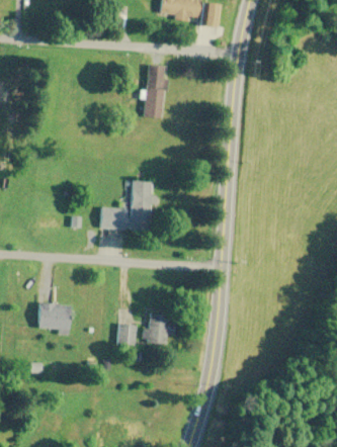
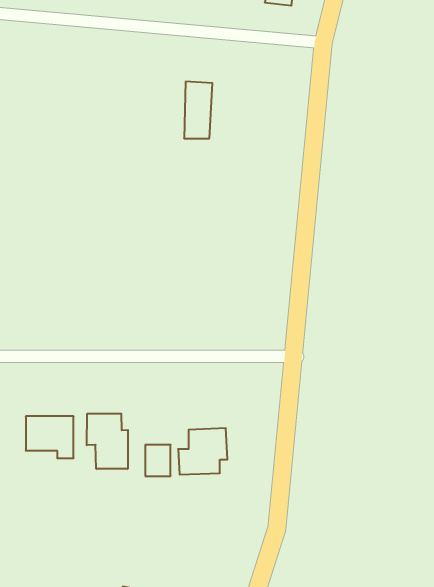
building: [100,179,152,230] -> none
building: none -> [87,414,128,469]

